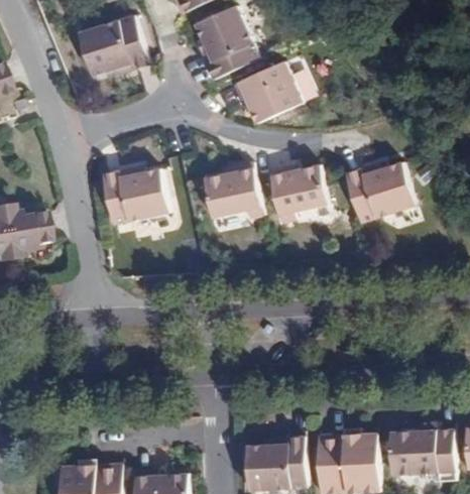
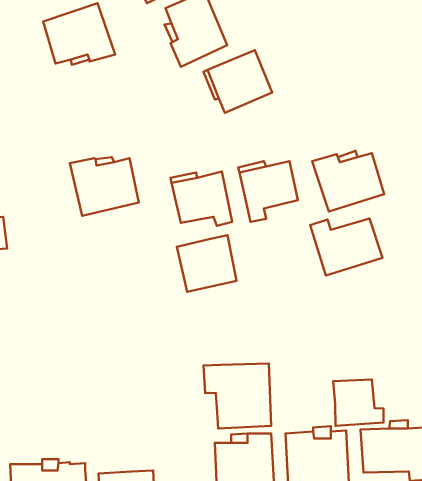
building: none -> [310,218,382,276]
building: none -> [177,235,237,292]
building: none -> [203,364,271,429]
building: none -> [333,379,384,426]

